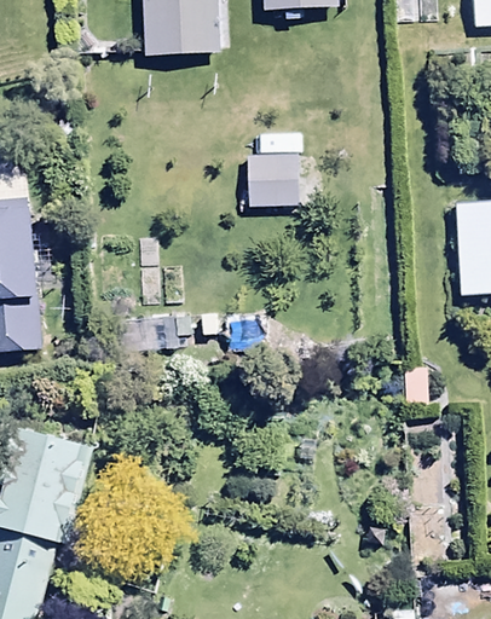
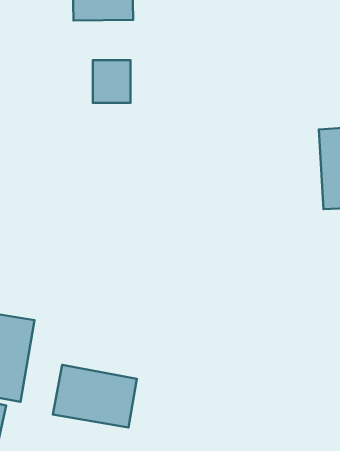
building: [247,151,295,206] -> [93,60,131,103]
building: none -> [53,365,137,427]

